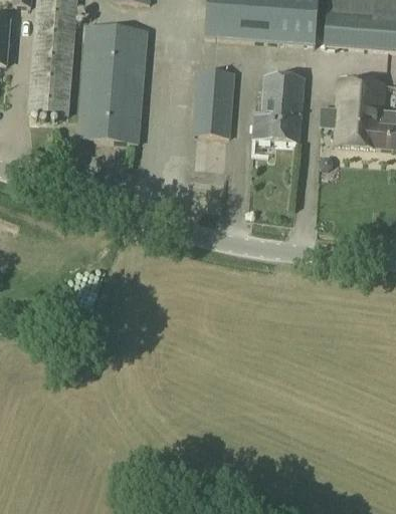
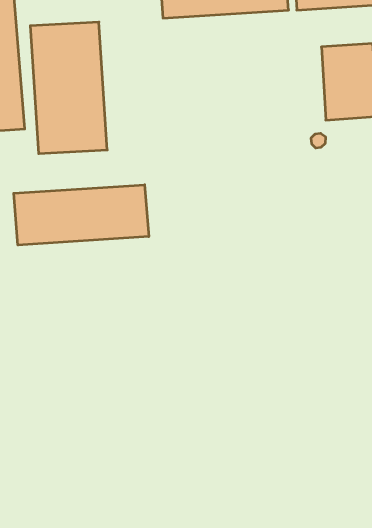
building: [192,68,233,135] -> none
building: [252,72,304,140] -> none
building: none -> [14,185,149,245]

